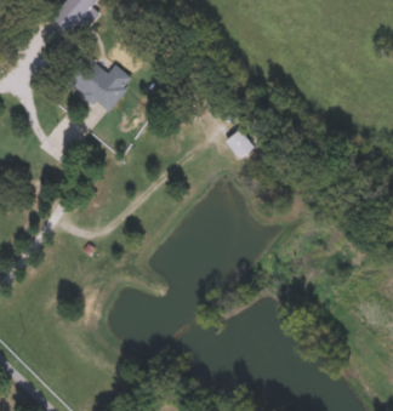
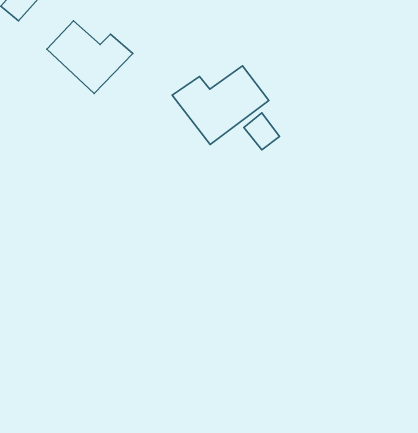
building: none -> [172,66,269,145]

